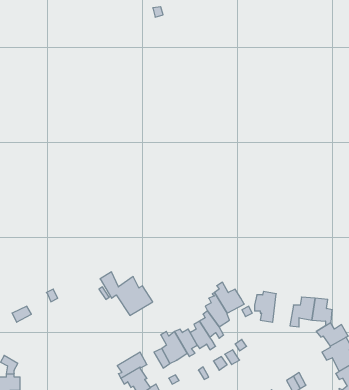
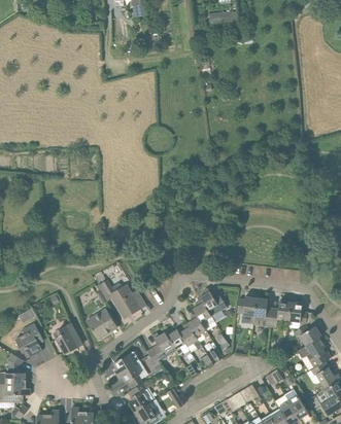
building: none -> [252,297,271,326]
building: none -> [84,309,113,339]
building: none -> [13,322,42,358]
building: none -> [55,322,78,353]

